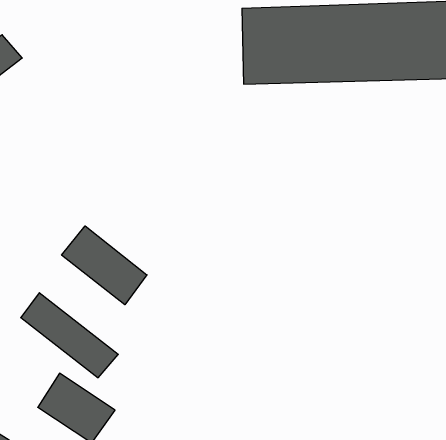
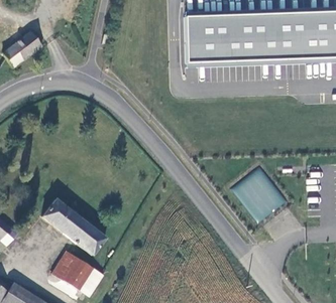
building: [62,226,147,305] -> none
building: none -> [233,167,287,221]

